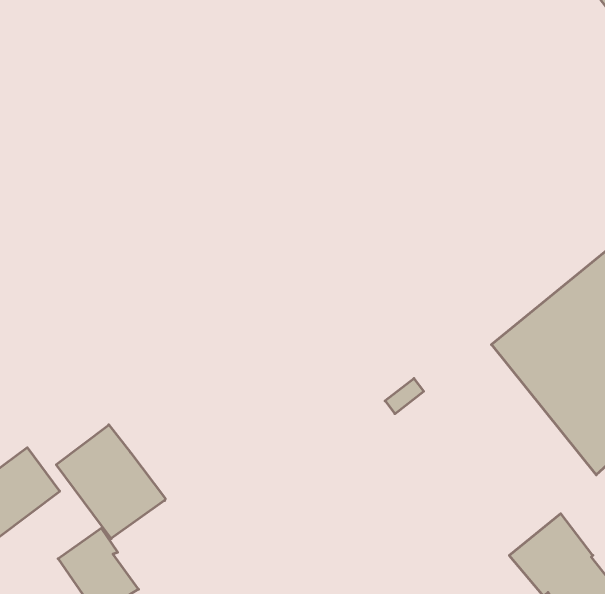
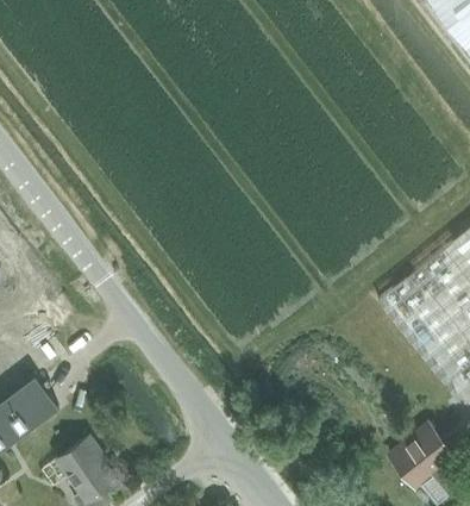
building: [56,425,165,539] -> none

